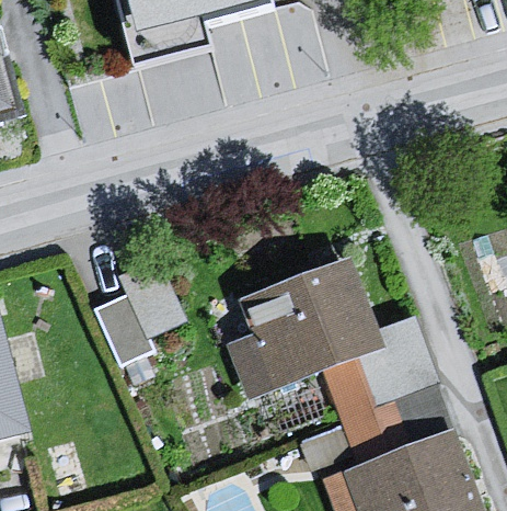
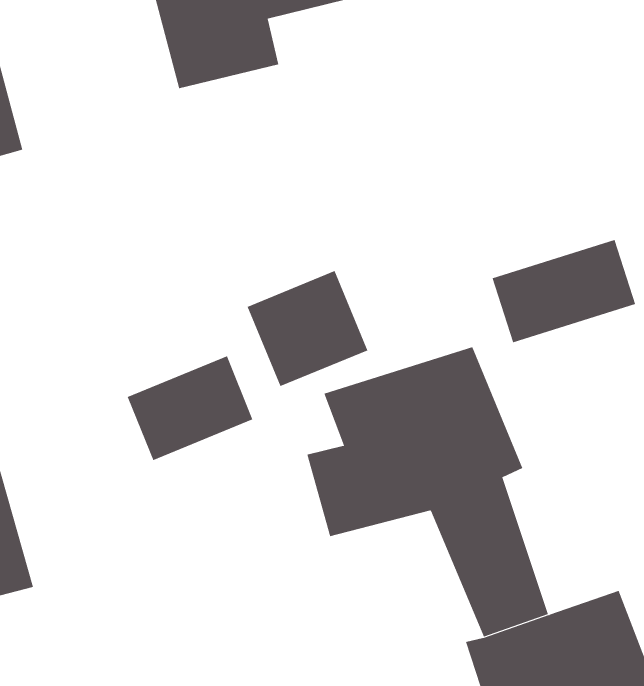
building: none -> [492,239,636,343]
building: none -> [247,270,368,387]

